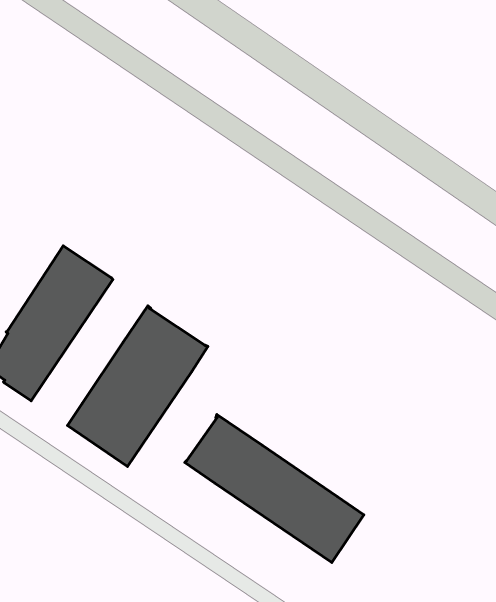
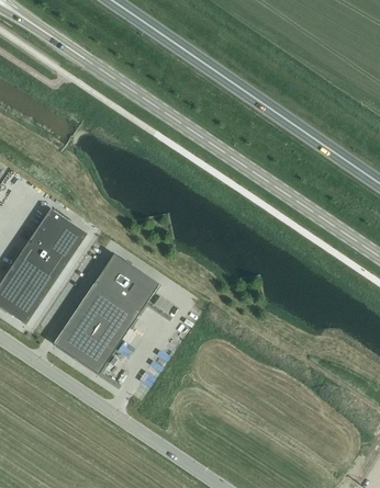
building: [185,415,364,563] -> none

